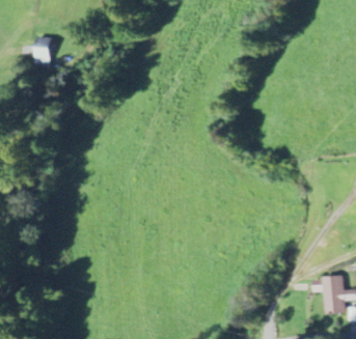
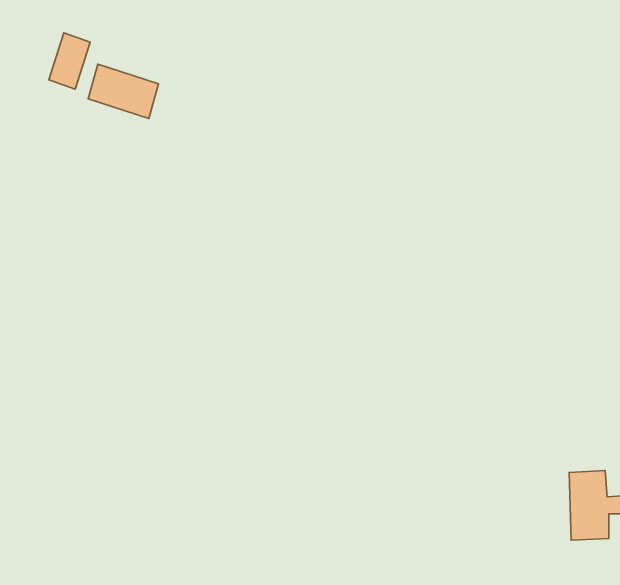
building: none -> [88,64,159,118]

